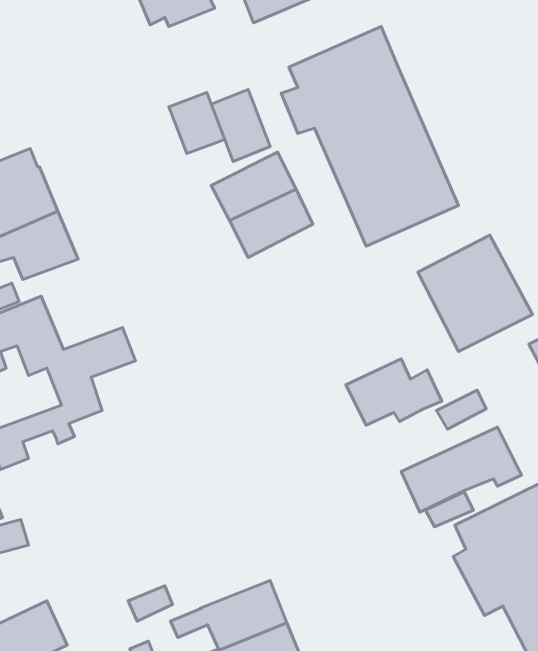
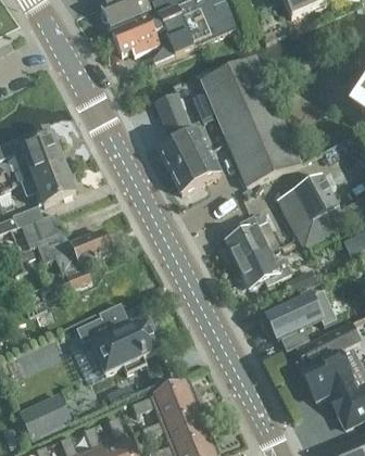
building: [169,93,225,154] -> none
building: none -> [224,214,267,265]
building: none -> [77,315,162,372]

